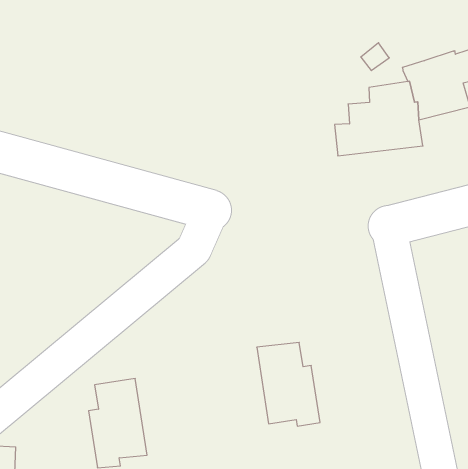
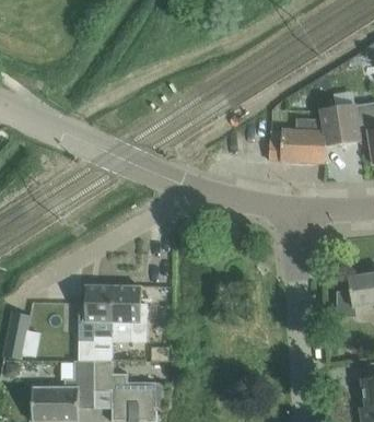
building: [257,342,320,426] -> [114,286,148,342]

